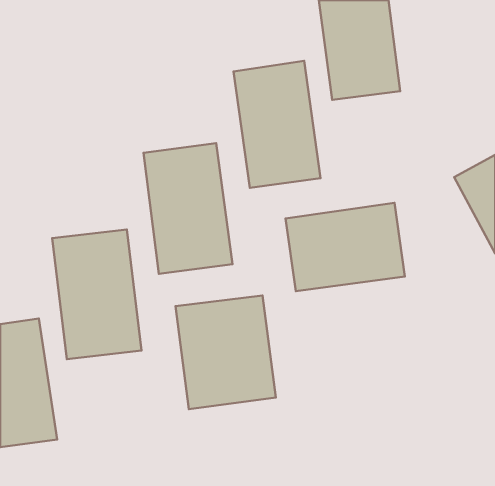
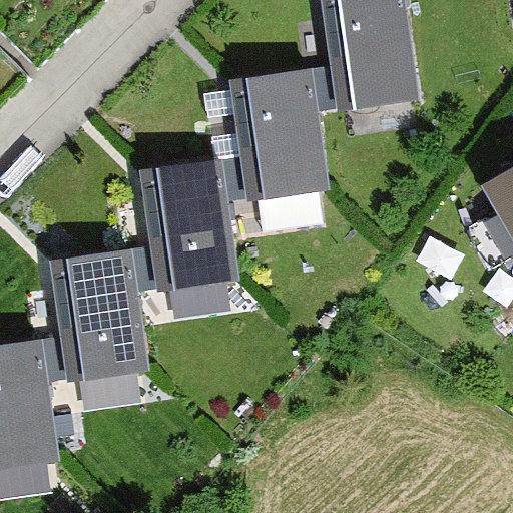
building: [286,203,405,291] -> none
building: [175,295,276,409] -> none

